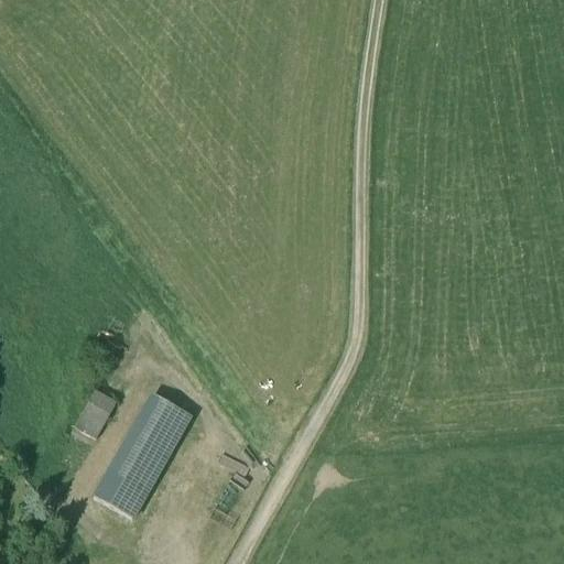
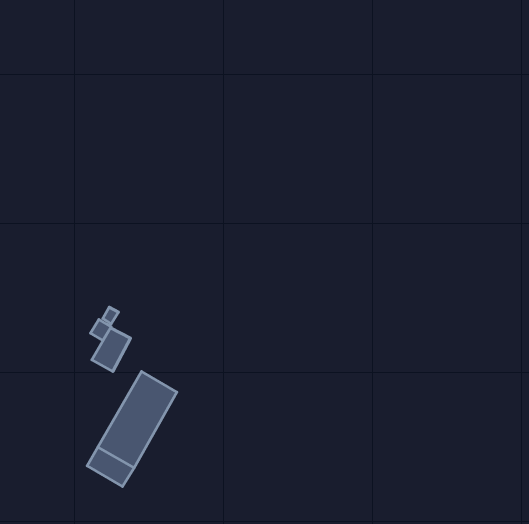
building: [75,390,116,436] -> [92,328,130,371]

